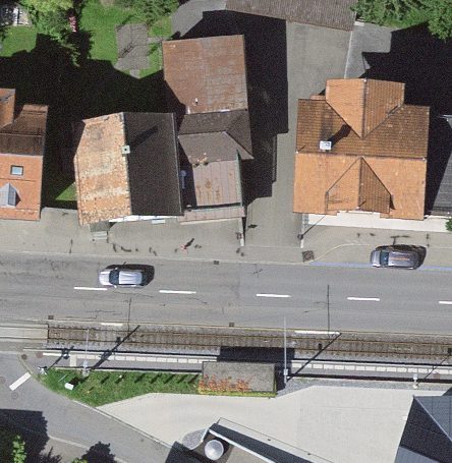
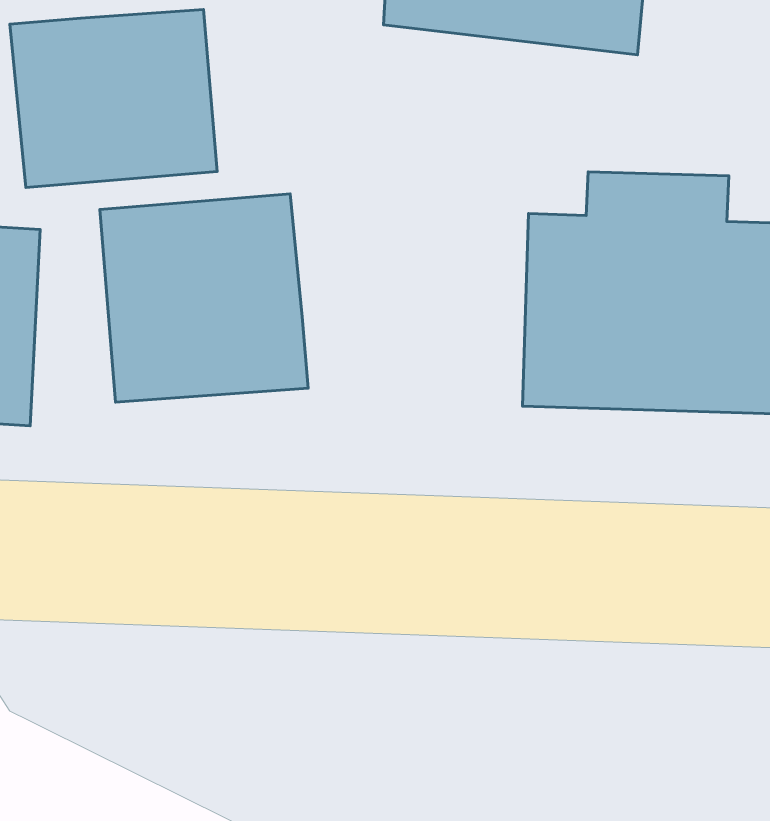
building: none -> [10,9,217,188]
building: [169,36,251,163] -> none

